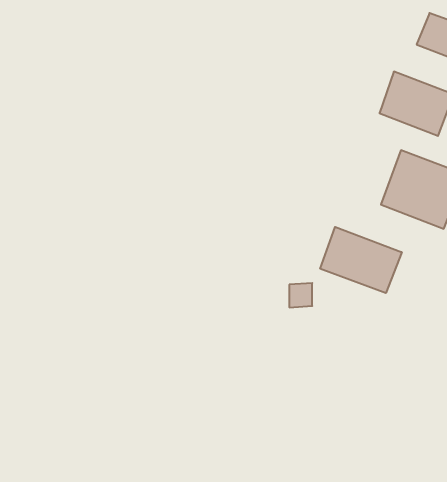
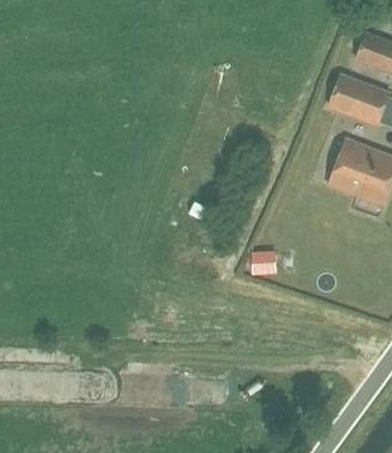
building: [320,227,402,293] -> none

